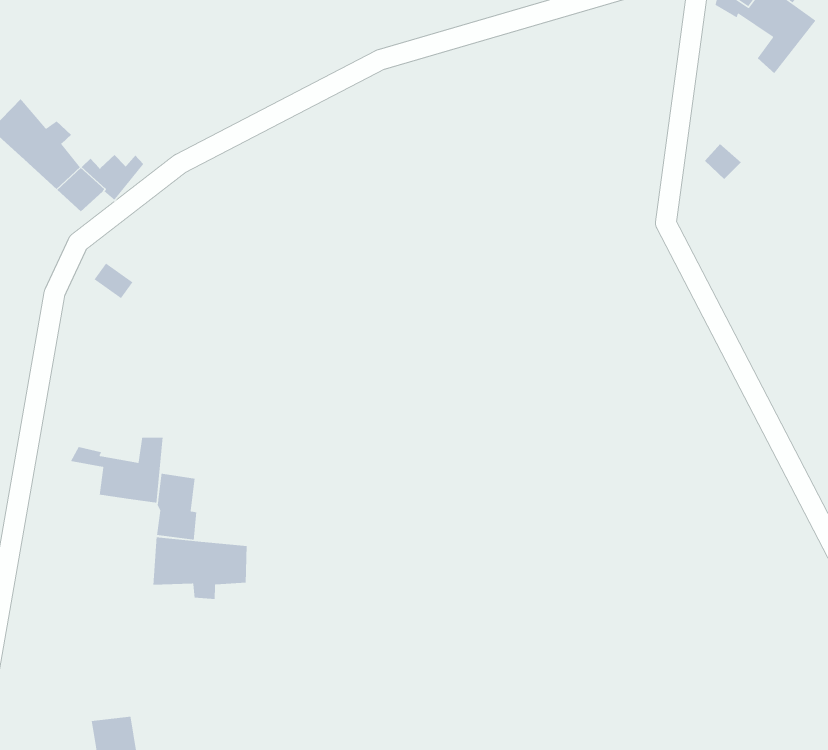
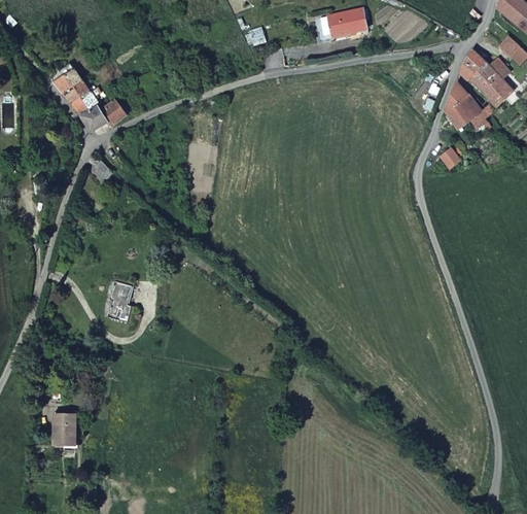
building: none -> [446,80,487,132]
building: [70,437,164,503] -> none
building: [152,537,248,600] -> none

